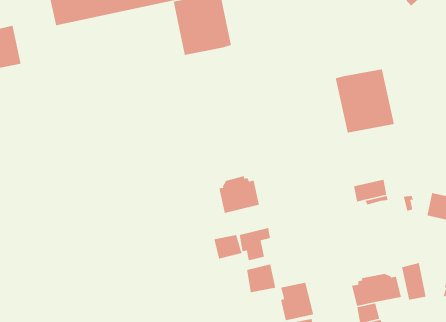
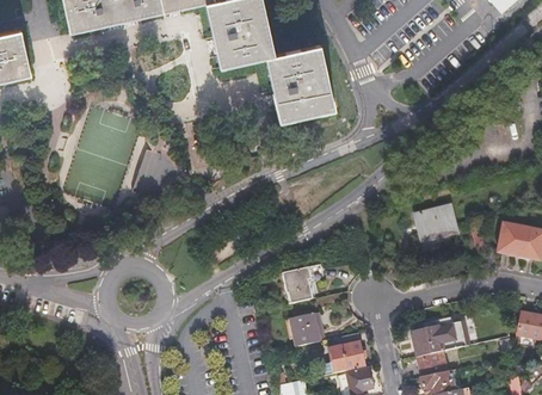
building: [335,69,395,134] -> [265,48,334,123]
building: [218,175,260,214] -> none
building: [213,234,242,260] -> none
building: [401,262,426,301] -> none

